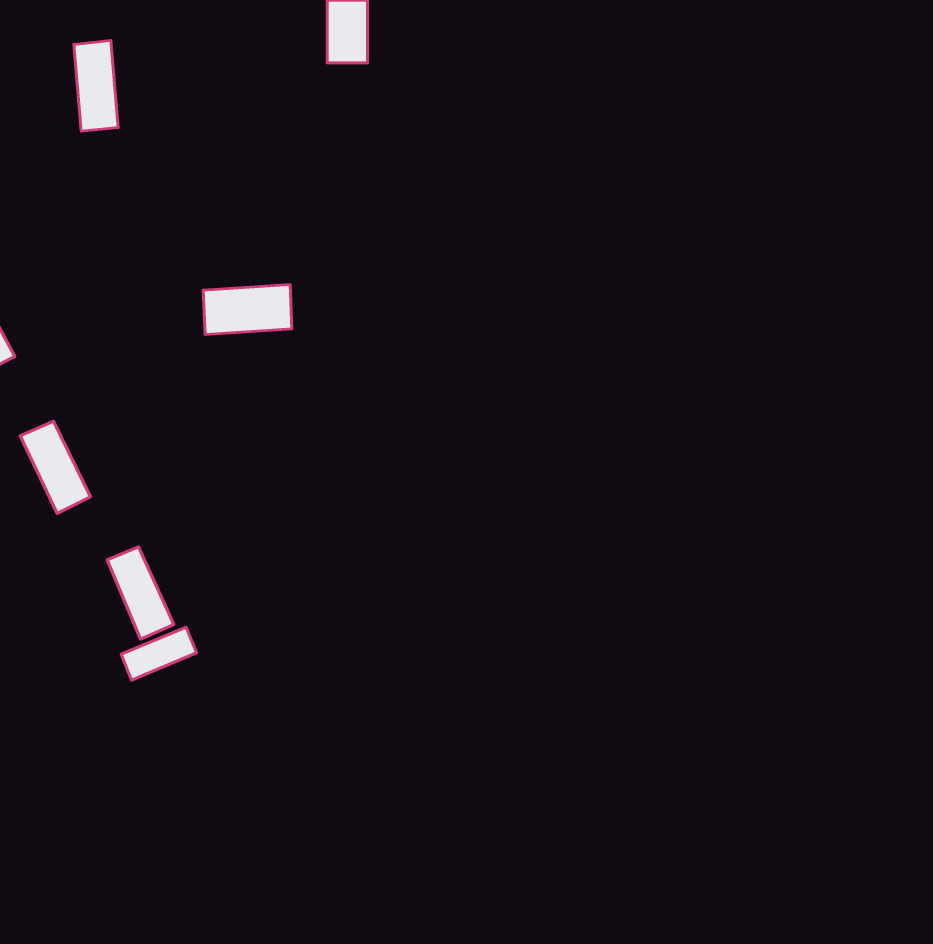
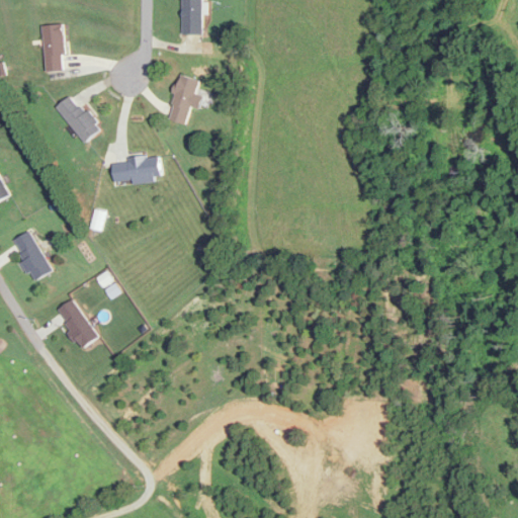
building: none -> [167,73,202,123]
building: none -> [61,98,98,142]
building: [121,627,196,680] -> none

